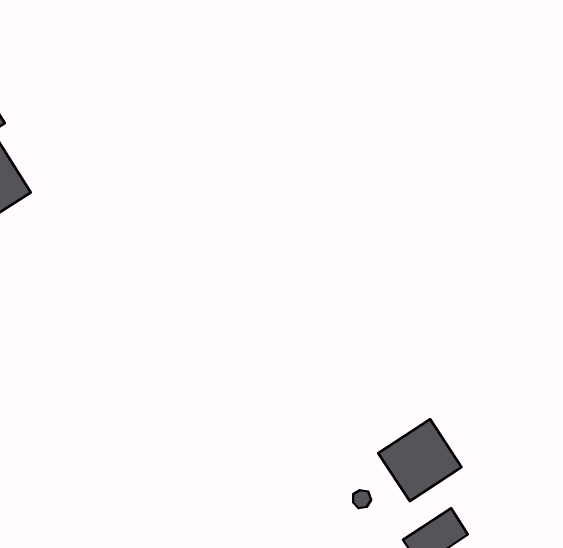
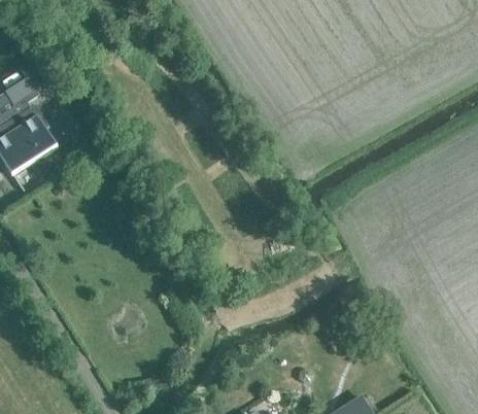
building: [378,419,462,501] -> none

